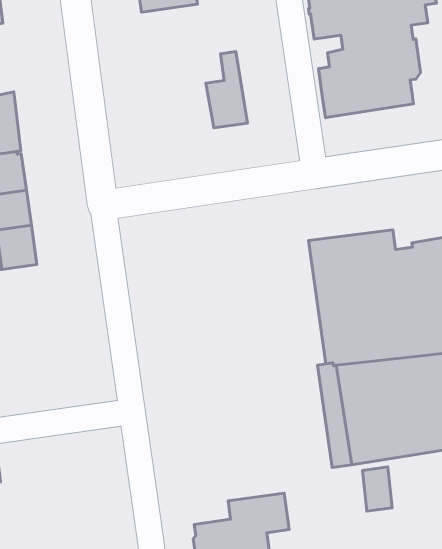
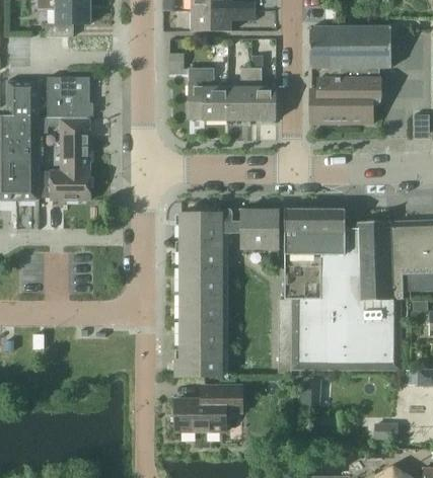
building: none -> [252,68,276,119]
building: none -> [188,68,229,119]
building: none -> [175,209,279,376]

